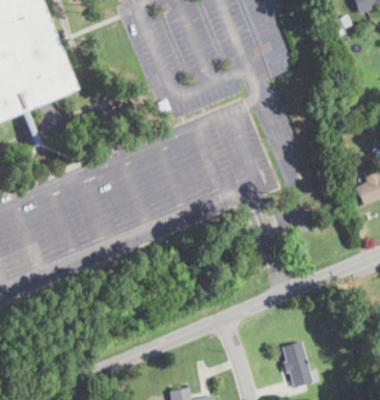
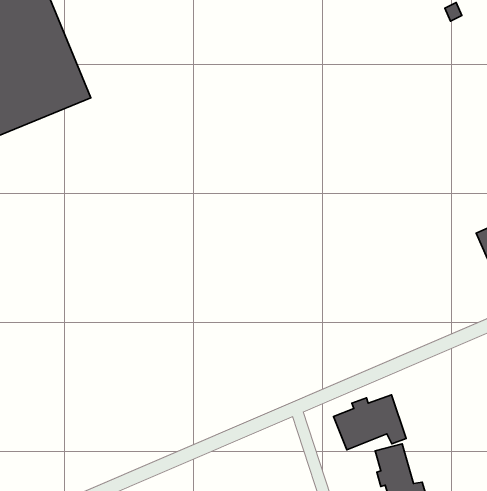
building: none -> [334,395,406,450]

